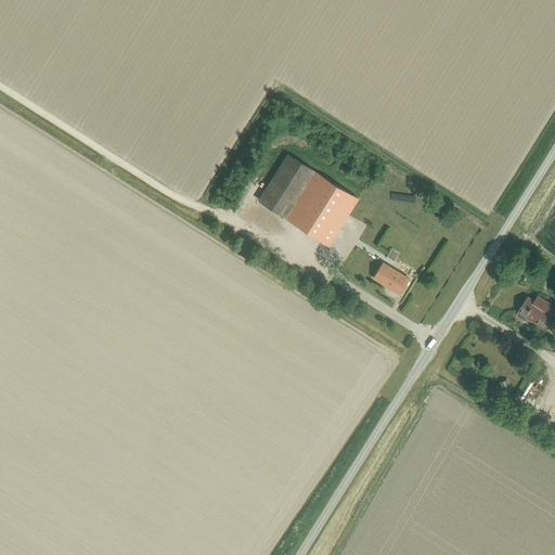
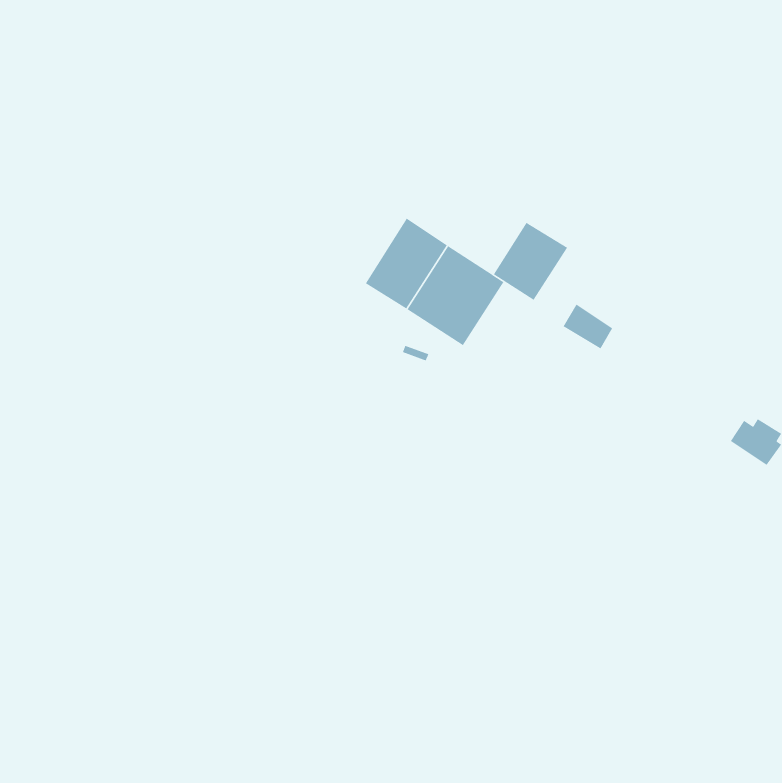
building: none -> [493,222,568,301]
building: [372,262,408,295] -> [563,304,613,350]

